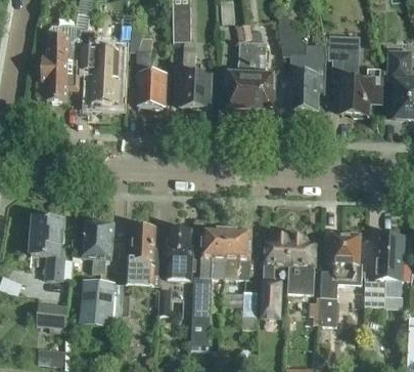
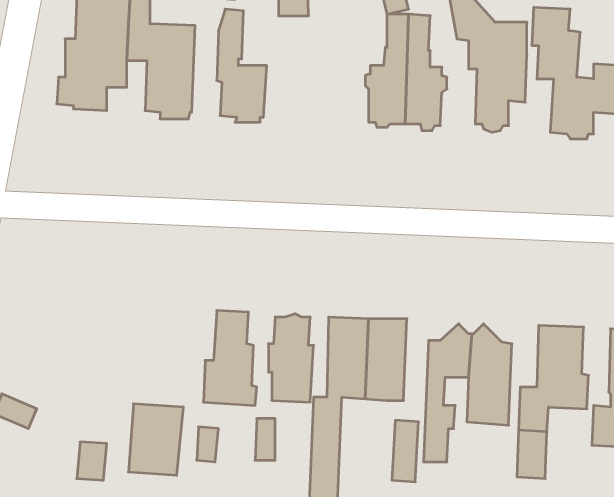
building: [181,52,211,111] -> none
building: [32,217,65,281] -> none
building: [82,220,114,273] -> none

